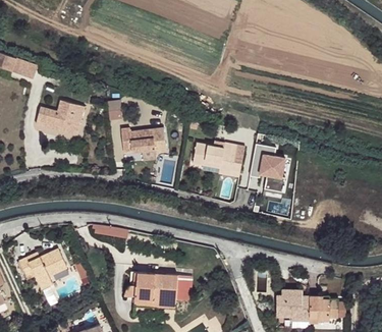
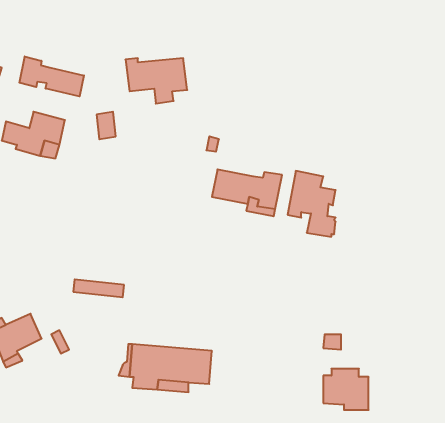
building: none -> [19,56,84,96]
building: [121,128,167,162] -> [125,58,187,104]
building: [310,296,338,323] -> none

